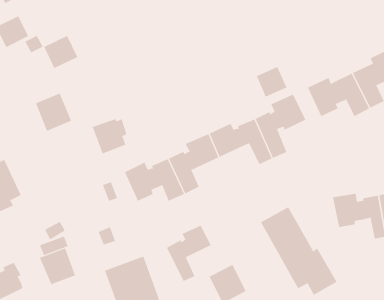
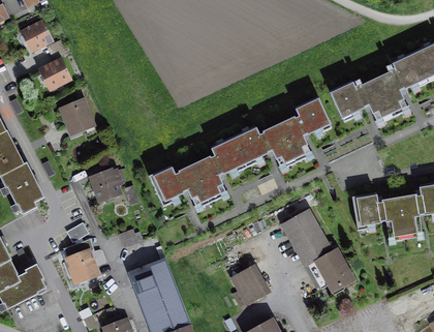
building: [43,35,78,69] -> [37,57,71,90]
building: [256,66,287,98] -> none
building: [92,119,127,154] -> [88,167,123,202]
building: [166,225,211,282] -> none

